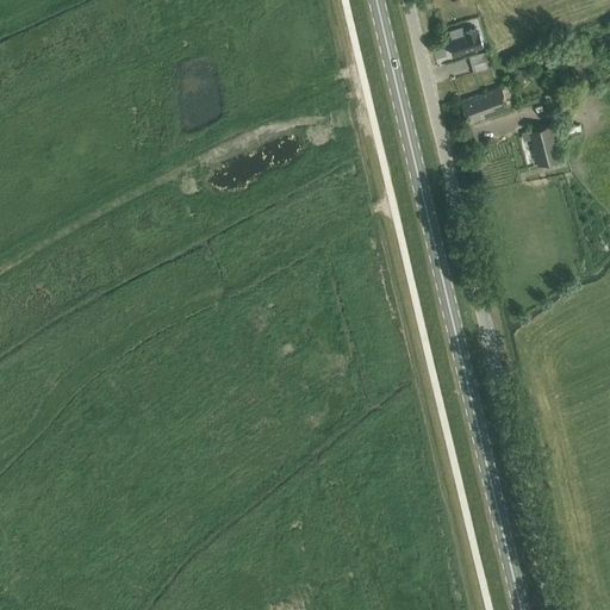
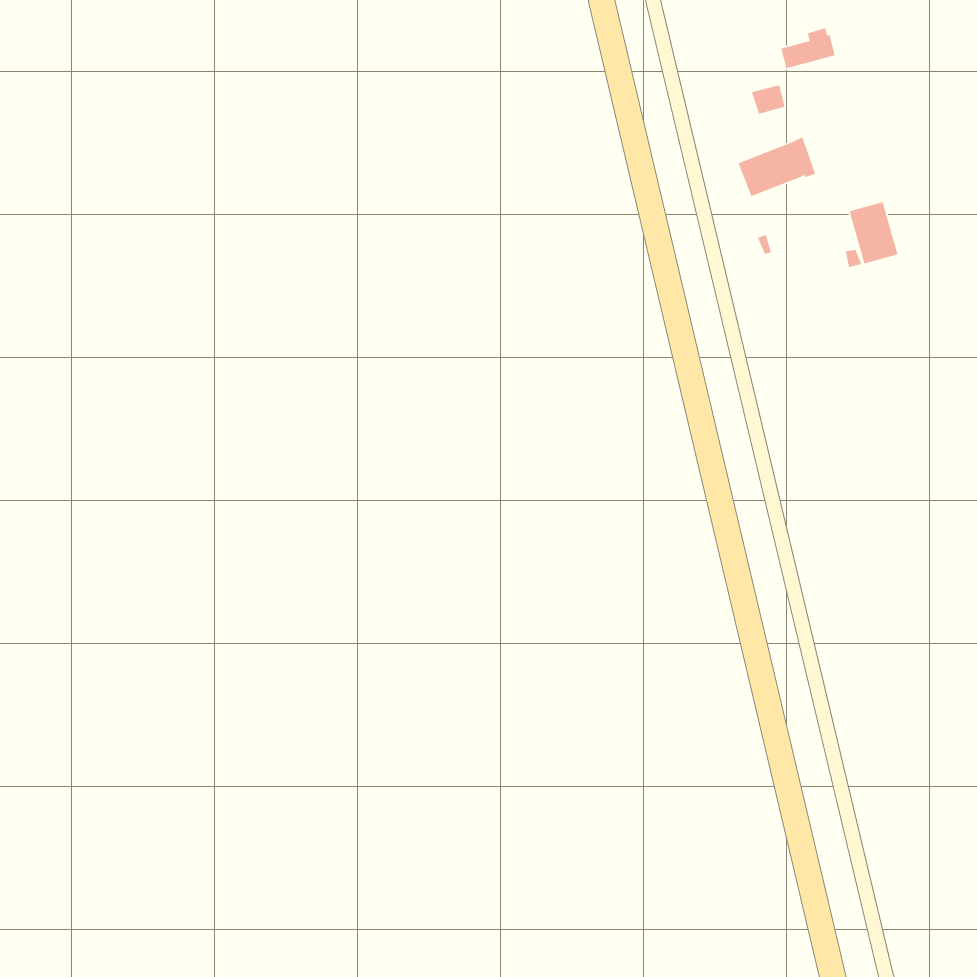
building: [447,29,481,55] -> [780,27,836,69]

